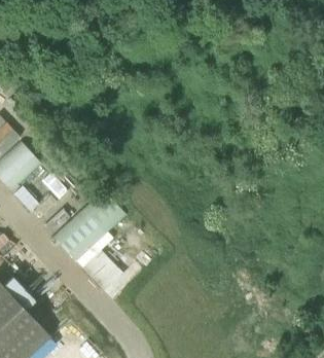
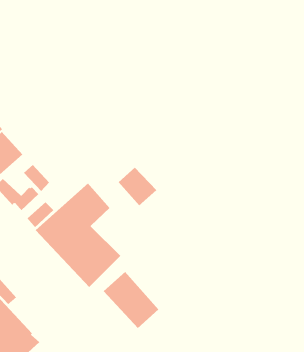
building: none -> [118,167,157,206]
building: none -> [103,271,159,329]

